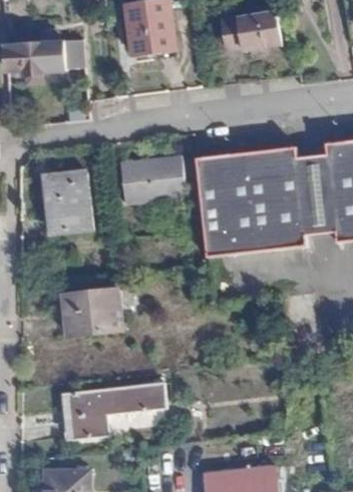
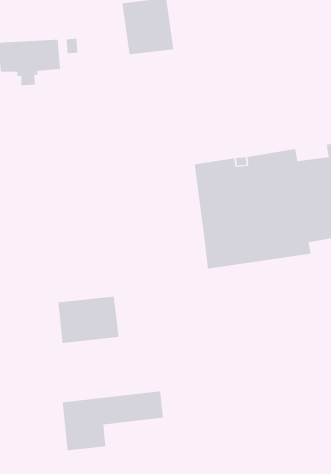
building: [222,10,280,51] -> none
building: [120,155,186,204] -> none
building: [42,171,92,232] -> none

